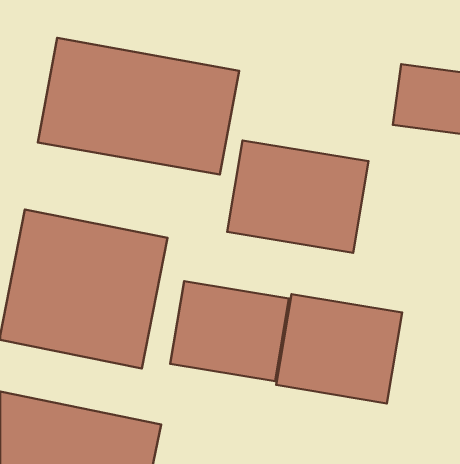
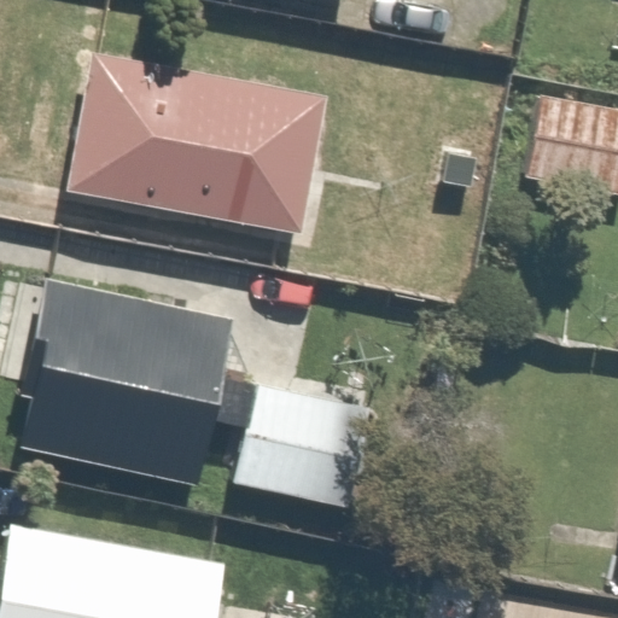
building: [227,140,369,253] -> none
building: [276,294,402,403] -> none

